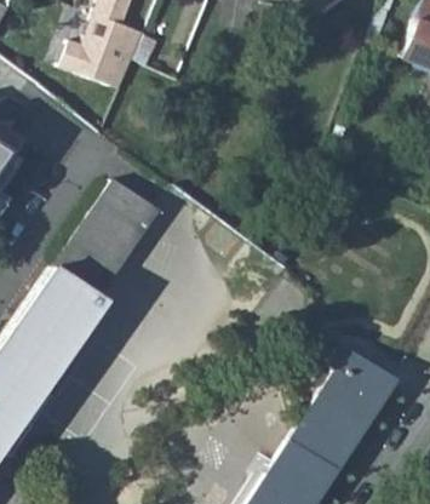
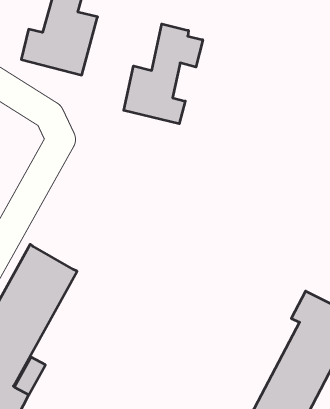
building: none -> [124,24,203,124]
building: [55,183,156,299] -> none

